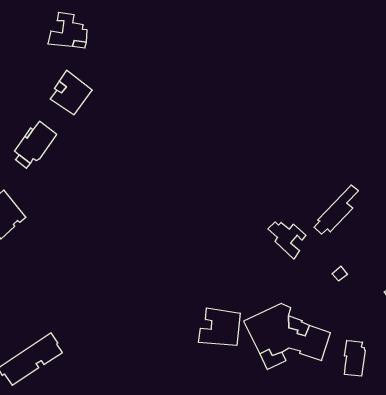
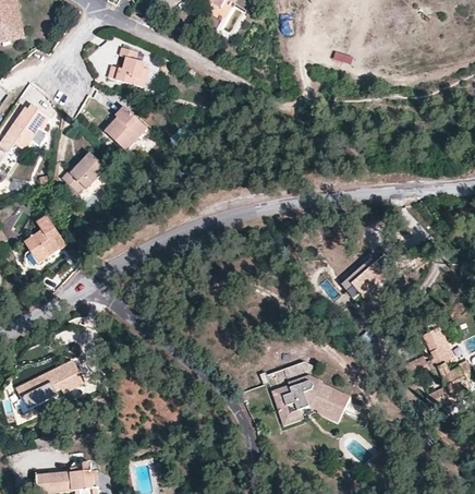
building: [268,222,306,259] -> none
building: [198,308,240,345] -> none
building: [345,340,365,376] -> none

